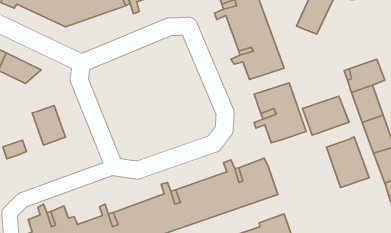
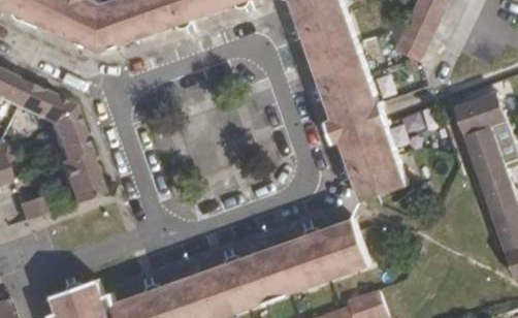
building: none -> [48,106,85,160]
building: [302,96,349,135] -> none
building: [326,137,369,188] -> none

